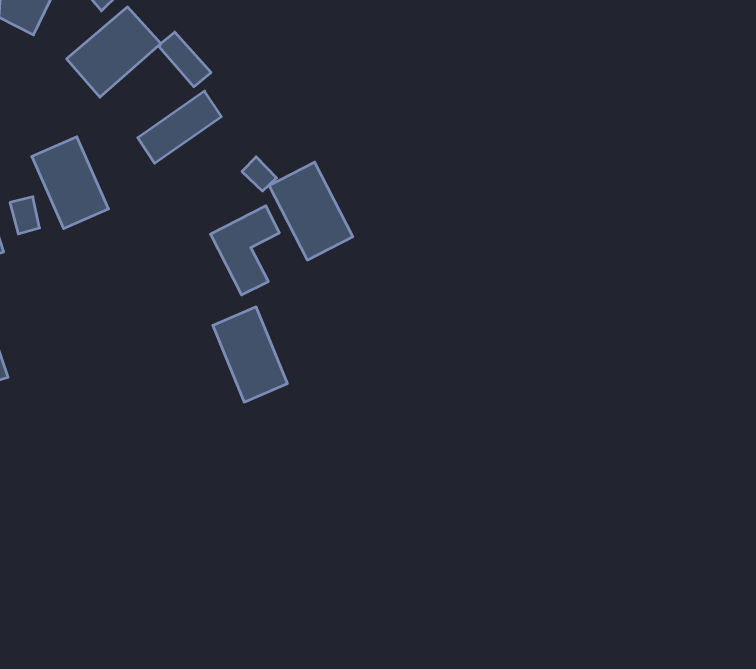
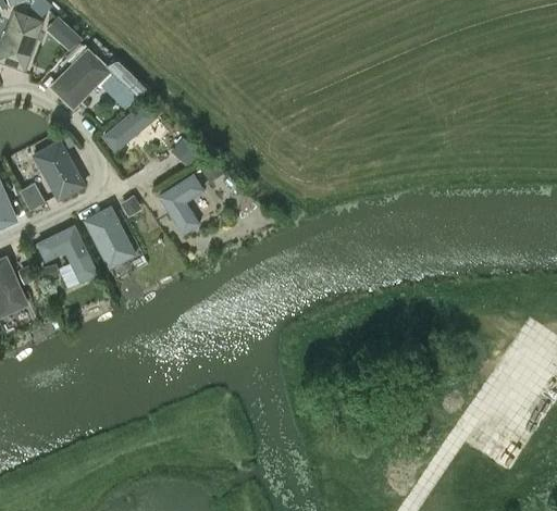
building: [269,162,353,260] -> none
building: none -> [36,225,99,284]
building: [213,307,287,402] -> [83,205,137,271]

